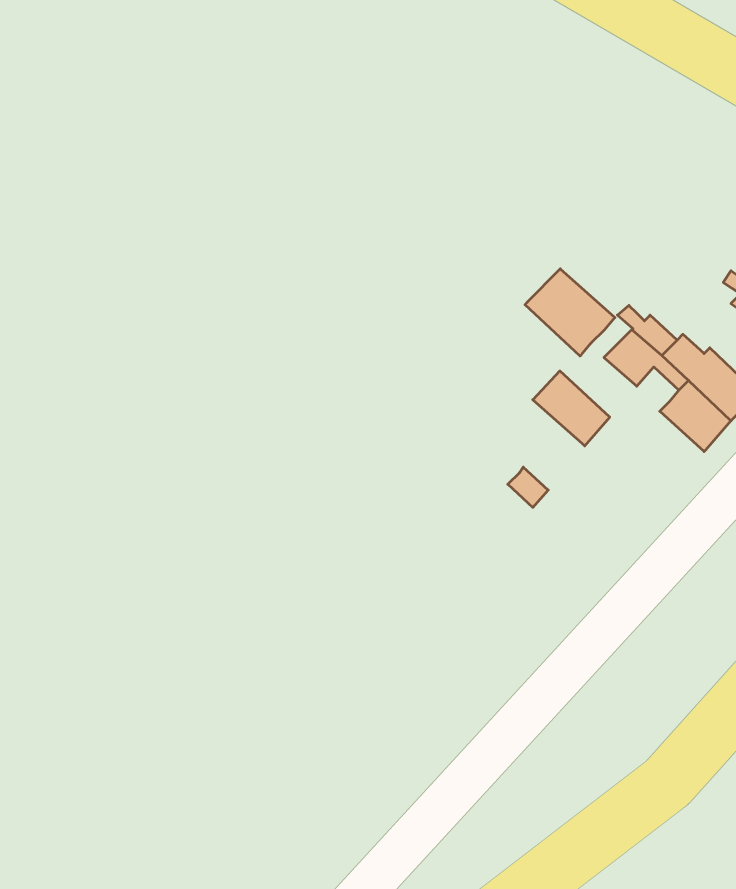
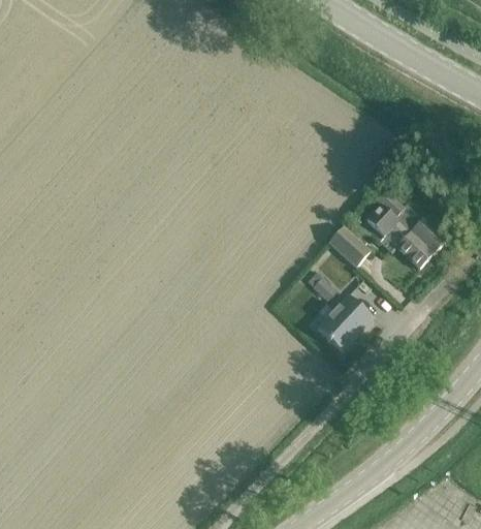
building: [525,269,615,356] -> none
building: none -> [316,293,372,350]

